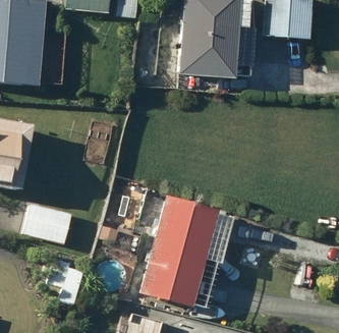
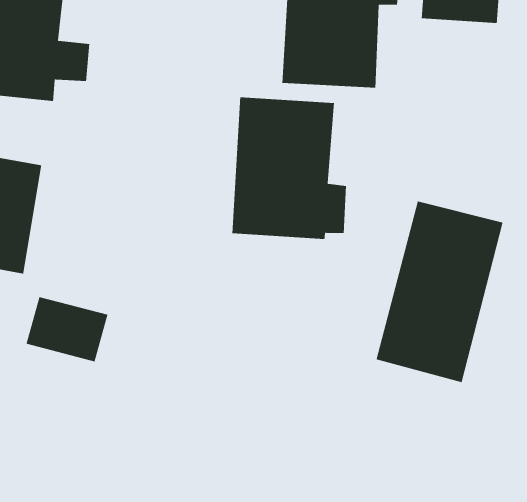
building: none -> [231,96,347,240]
building: [140,196,219,308] -> [376,200,504,383]

